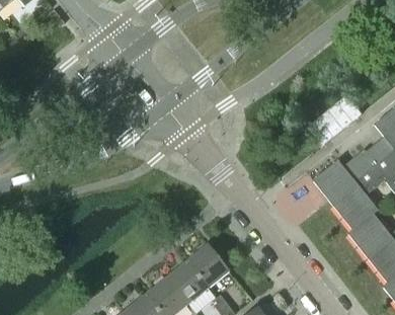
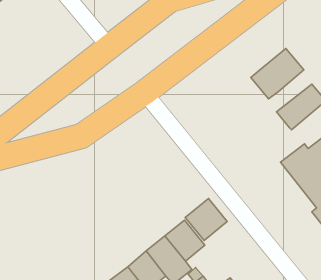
building: none -> [251,48,304,99]
building: none -> [185,199,227,240]

